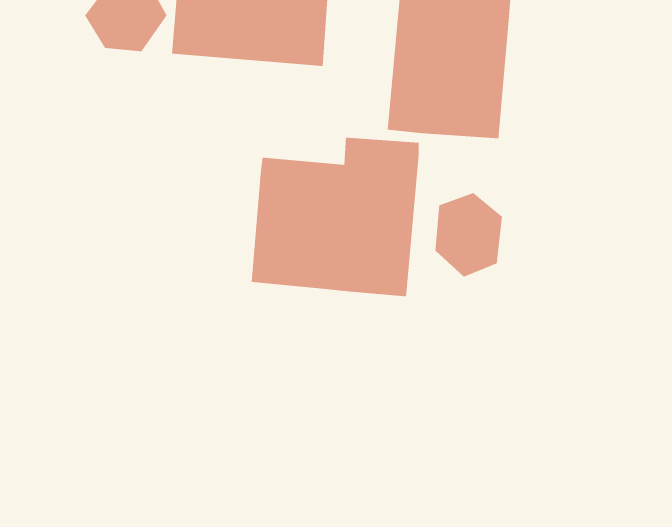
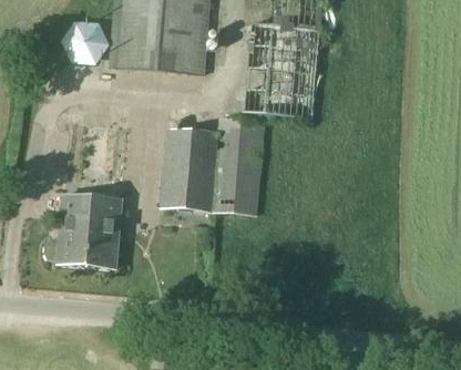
building: [435,192,502,278] -> none
building: none -> [44,194,121,267]

